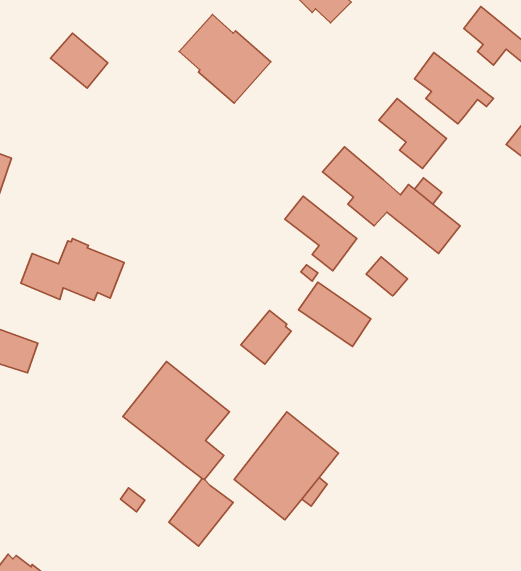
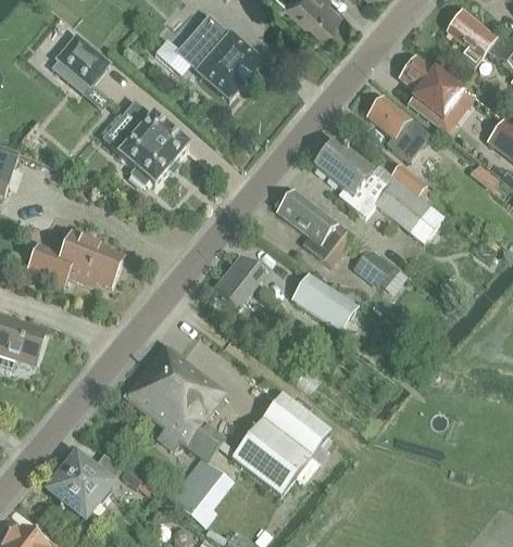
building: none -> [109,101,187,185]
building: [241,310,291,364] -> [212,257,260,308]
building: none -> [48,453,122,519]

